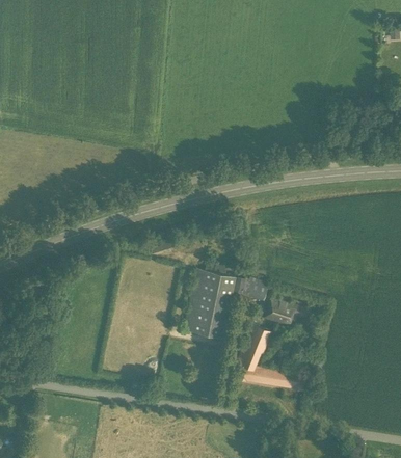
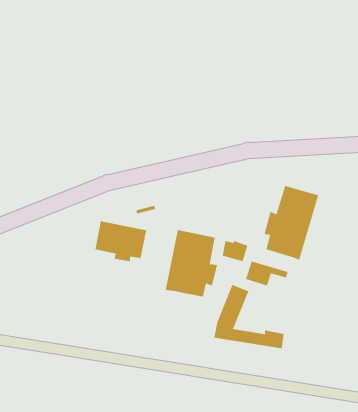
building: none -> [264,185,319,261]
building: none -> [95,220,147,262]

